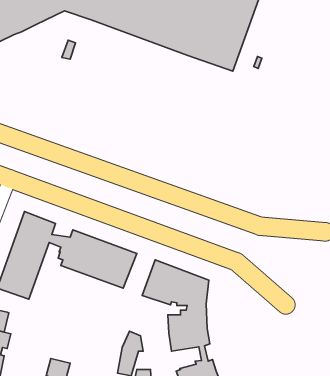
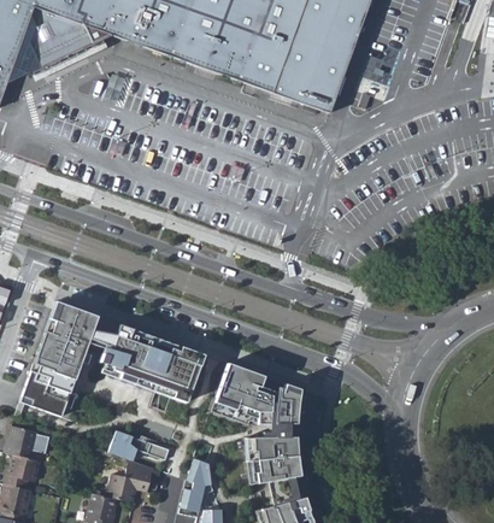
building: none -> [108,427,170,459]
building: none -> [106,468,152,503]

